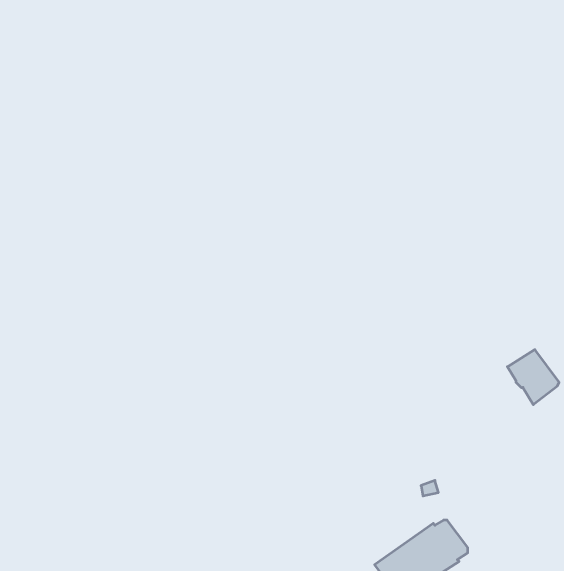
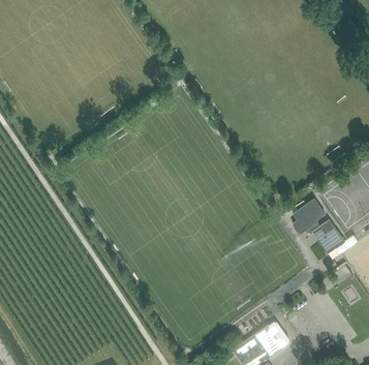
building: none -> [293,200,326,235]

